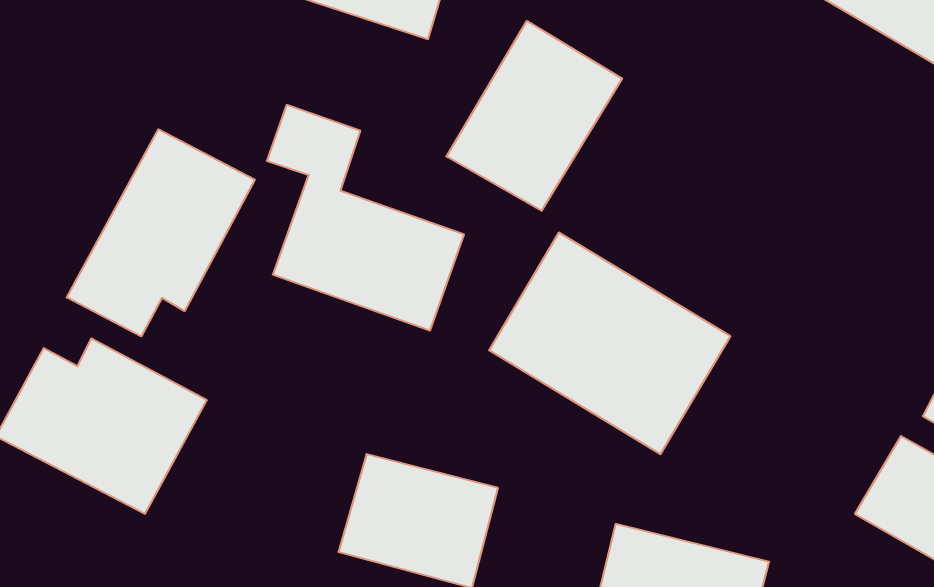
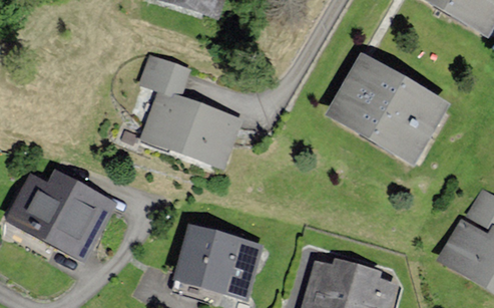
building: [446,21,622,211] -> none
building: [67,129,255,336] -> none
building: [489,233,730,454] -> [325,54,446,166]

